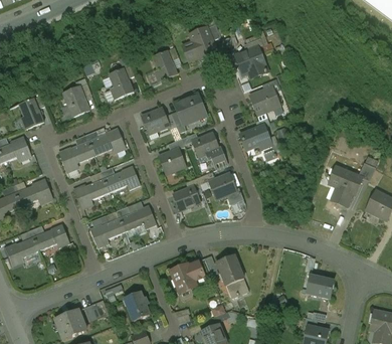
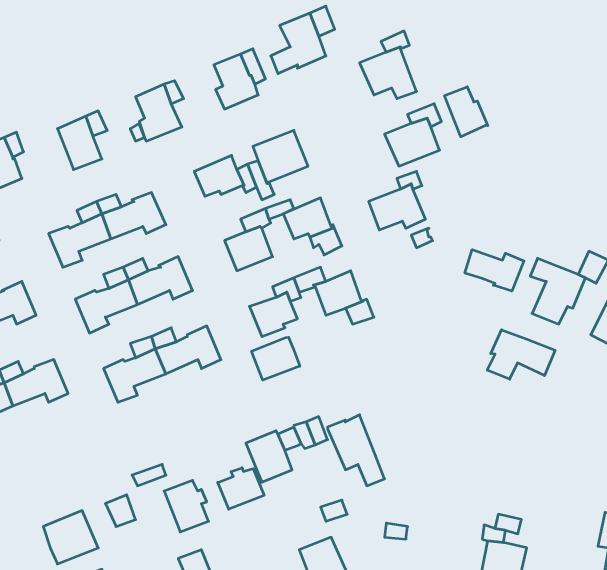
building: none -> [445,87,488,137]
building: none -> [465,250,524,291]
building: none -> [487,330,555,379]
building: none -> [252,337,300,380]
building: [306,275,333,299] -> none
building: none -> [218,468,264,509]

